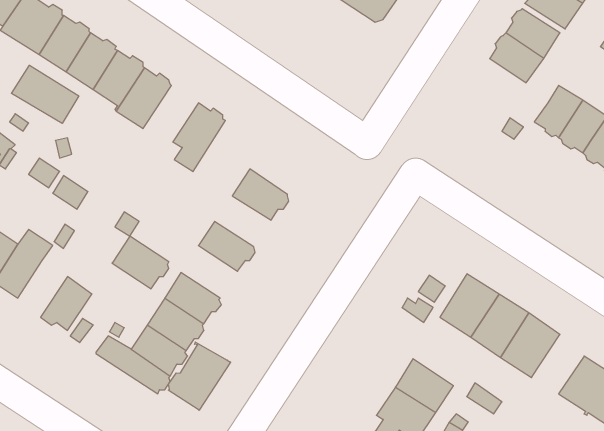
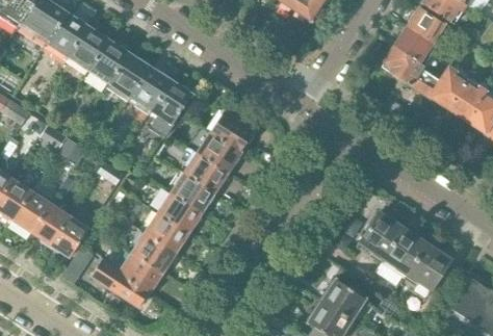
building: none -> [382,47,440,98]
building: [11,65,79,123] -> none
building: none -> [130,68,171,111]
building: none -> [210,112,253,152]
building: none -> [183,153,227,192]
building: [112,236,169,289] -> [157,191,201,232]
building: none -> [31,203,70,247]
building: [168,342,231,410] -> none

